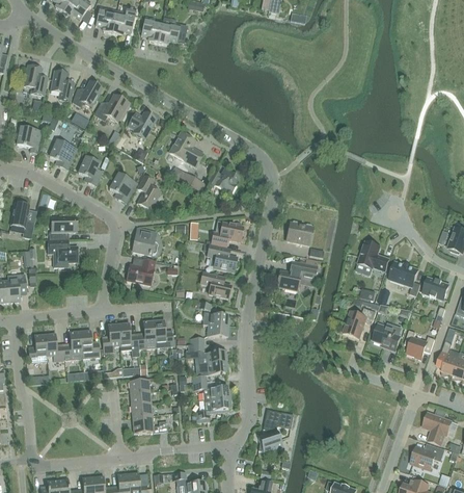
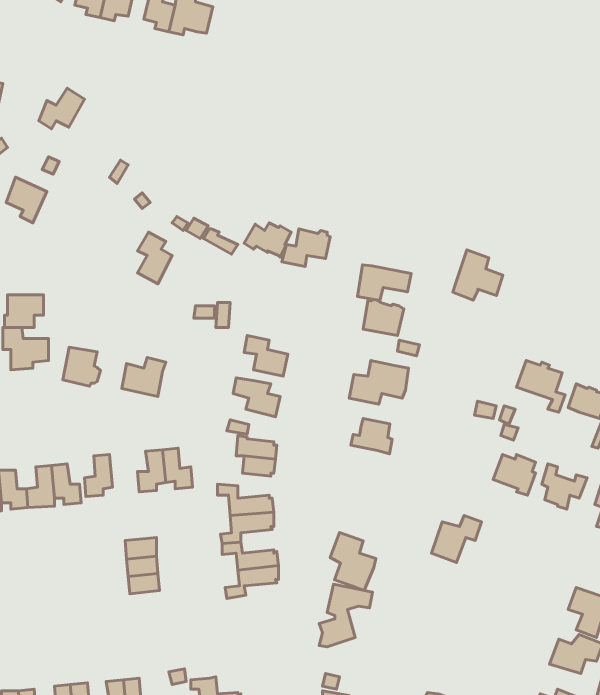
building: [51,70,74,100] -> none
building: [93,93,128,121] -> none
building: [128,110,157,137] -> none
building: [169,131,203,165] -> none
building: [78,155,103,184] -> none
building: [109,172,137,202] -> none
building: none -> [358,265,411,300]
building: [211,220,243,245] -> [282,229,330,266]
building: [133,228,158,254] -> [63,347,100,386]
building: [356,240,389,274] -> [453,250,503,300]
building: none -> [351,419,392,454]
building: [343,306,376,337] -> [431,515,481,562]
building: [118,321,139,356] -> none
building: none -> [330,533,376,591]
building: [132,413,168,432] -> none

